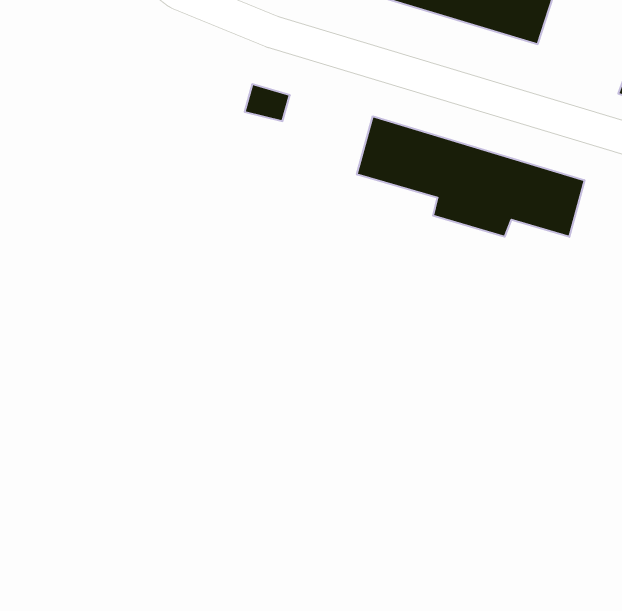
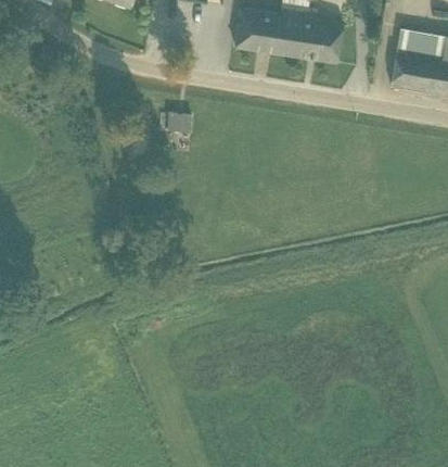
building: [357,116,584,237] -> none

